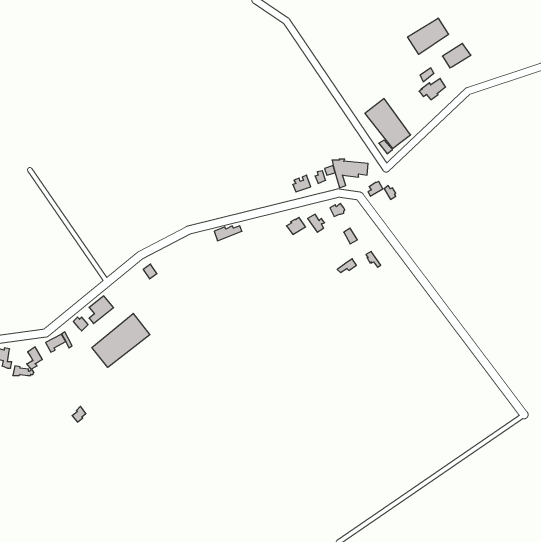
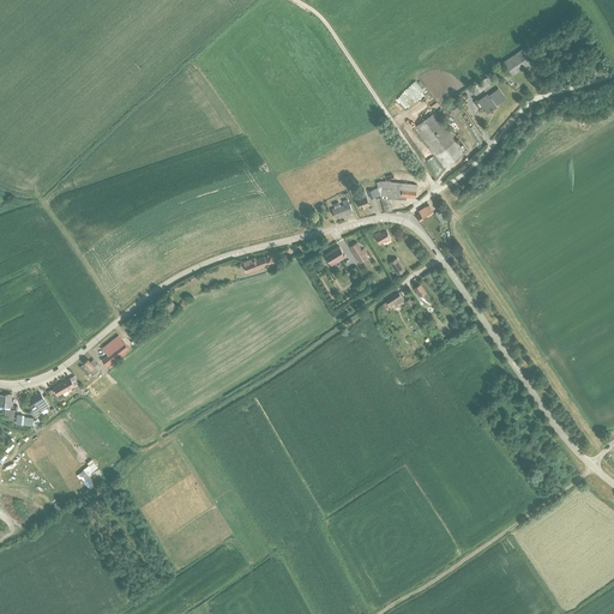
building: [408,18,449,54] -> none
building: [92,313,150,367] -> none

